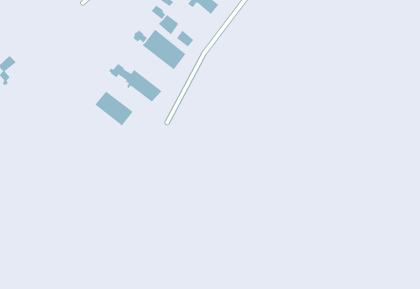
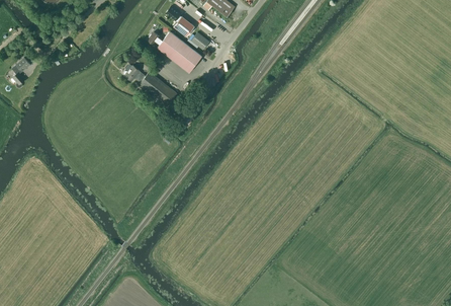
building: [95,91,133,126] -> none

